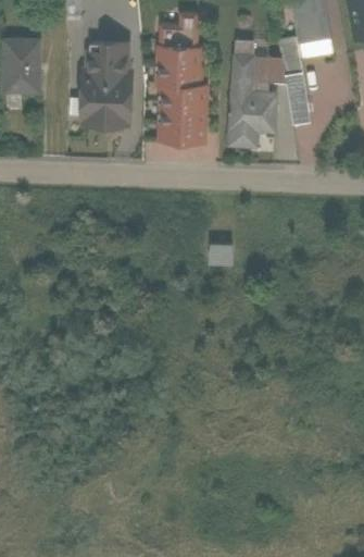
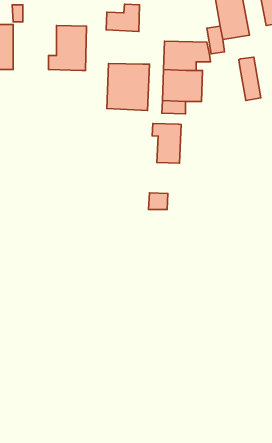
building: [155,44,204,86] -> none
building: [284,71,311,124] -> [239,57,261,101]
building: [85,92,127,124] -> none
building: none -> [152,123,181,163]

